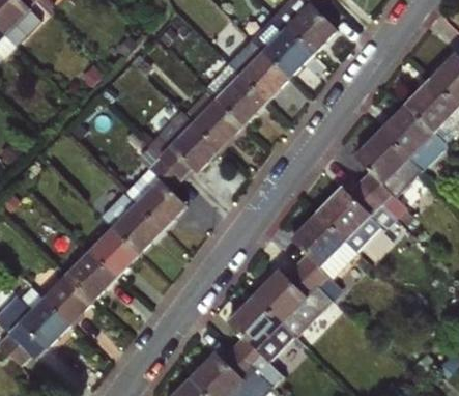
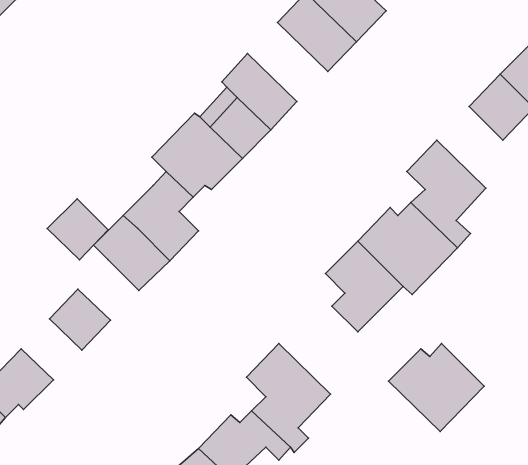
building: [227,38,291,102] -> none
building: [378,106,442,171] -> none
building: [91,228,140,277] -> [47,199,108,260]
building: [252,265,328,336] -> [388,344,484,432]
building: [46,276,94,324] -> none

